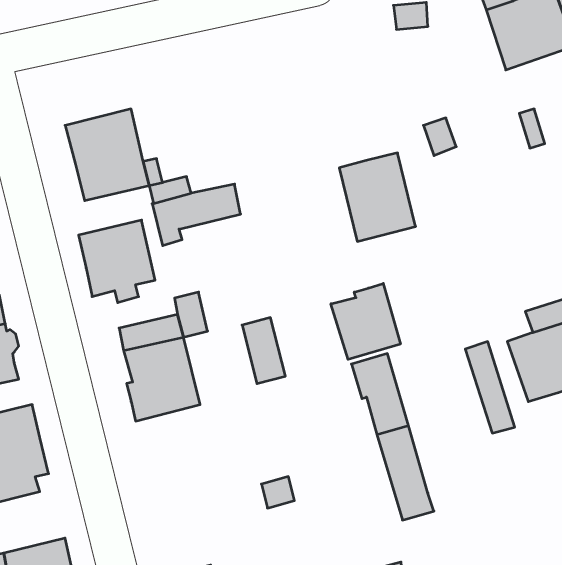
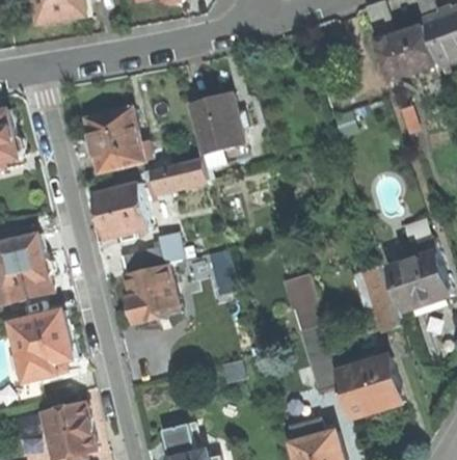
building: [339,153,416,241] -> [192,93,245,155]
building: [331,283,400,359] -> none
building: none -> [335,356,401,416]

